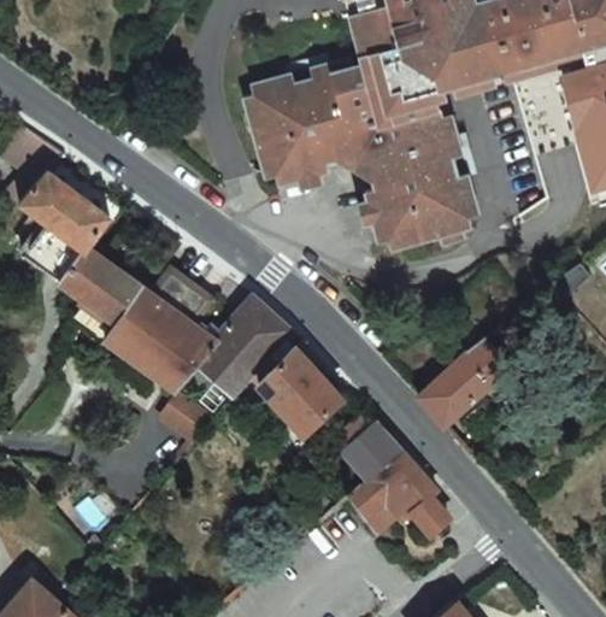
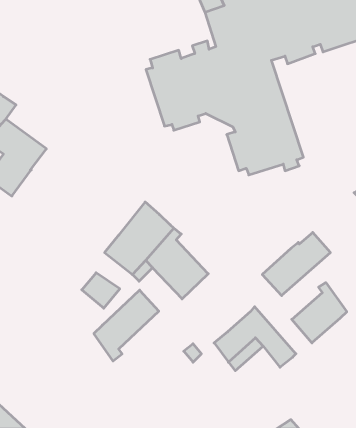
building: [58,246,211,388] -> none
building: none -> [292,283,347,343]
building: [342,412,399,477] -> none
building: none -> [94,290,159,361]

